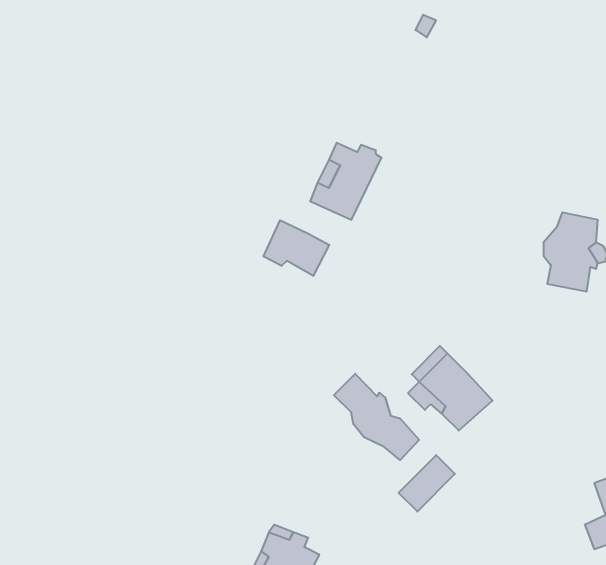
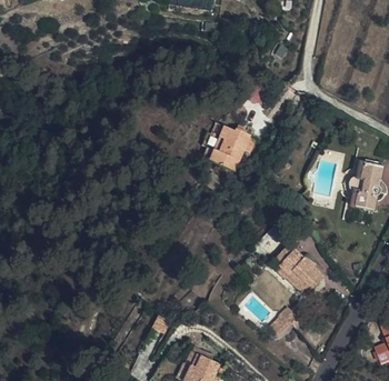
building: [264,220,329,276] -> none
building: [334,374,419,460] -> none

